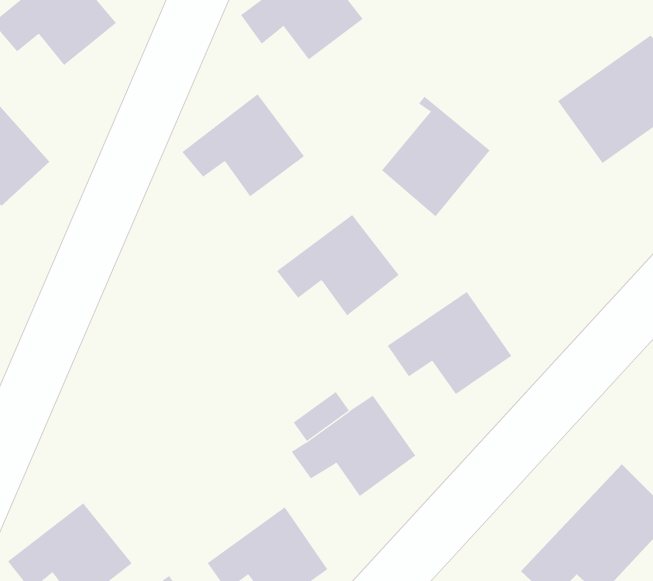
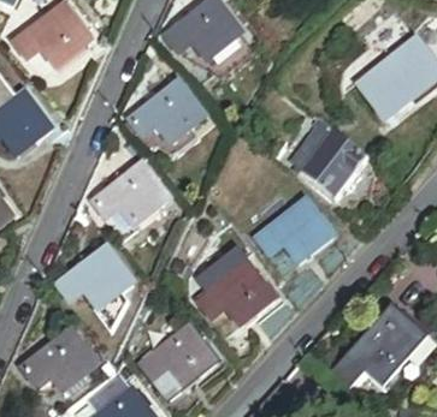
building: [381,96,491,217] -> [301,124,368,198]
building: [276,214,400,316] -> [93,163,169,226]
building: none -> [55,246,131,309]

